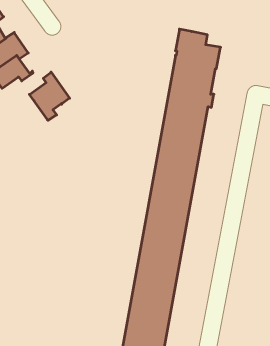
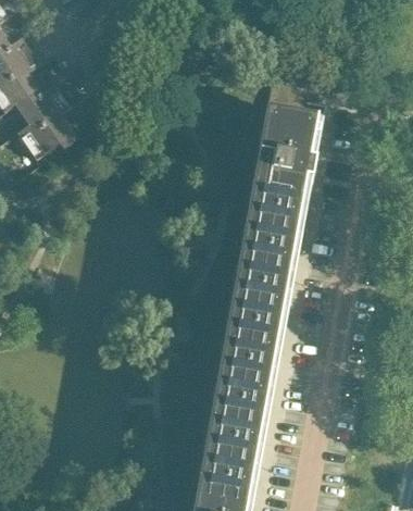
building: [29,72,70,120] -> none

